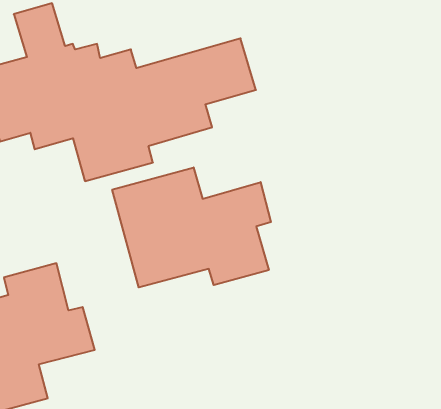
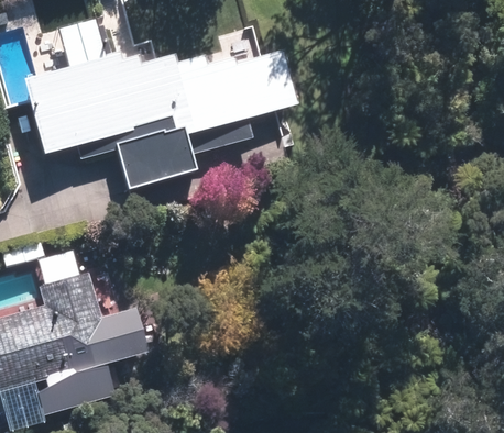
building: [112,167,271,287] -> none

